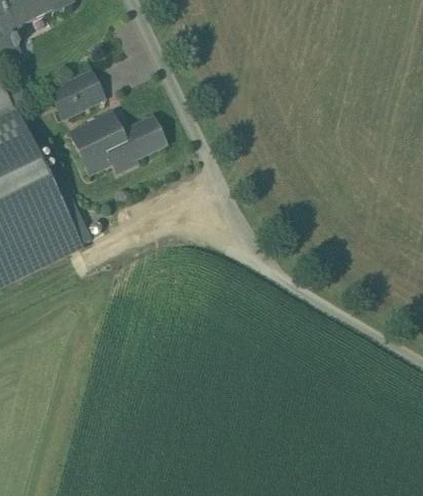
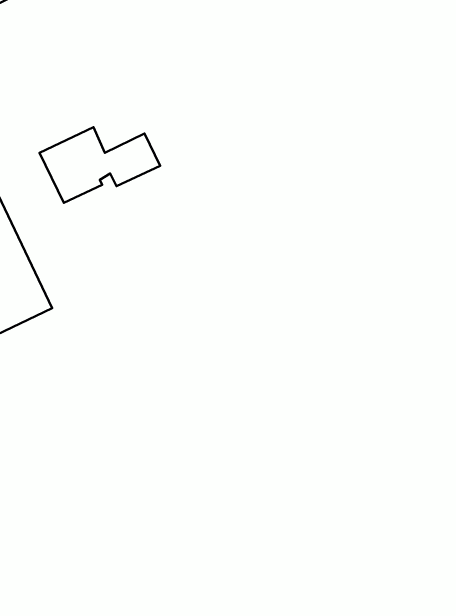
building: [46,64,105,117] -> none

